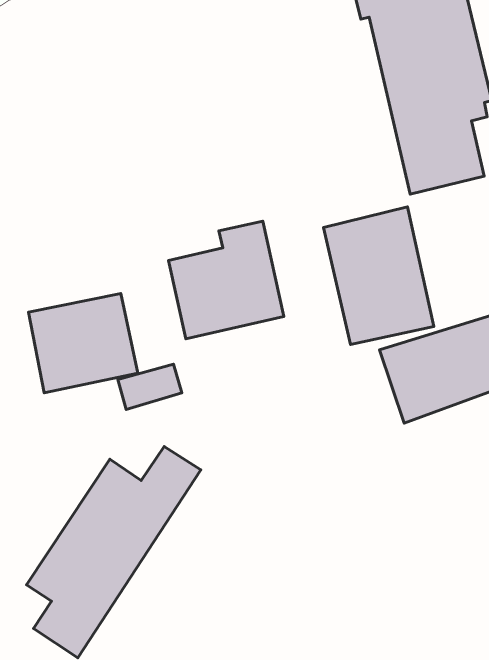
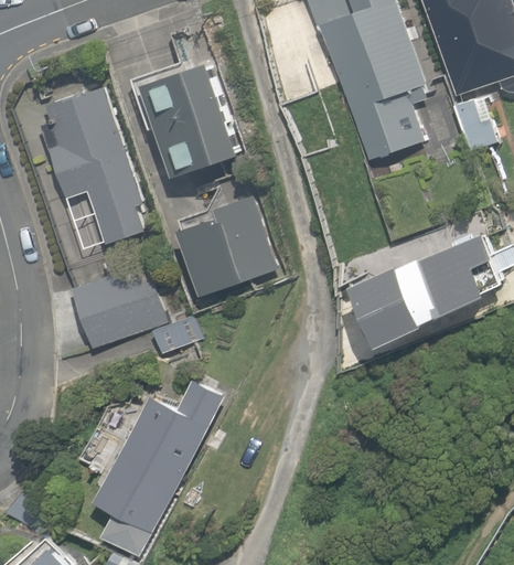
building: none -> [142,63,239,177]
building: none -> [41,88,146,245]
building: [324,207,434,345] -> none

